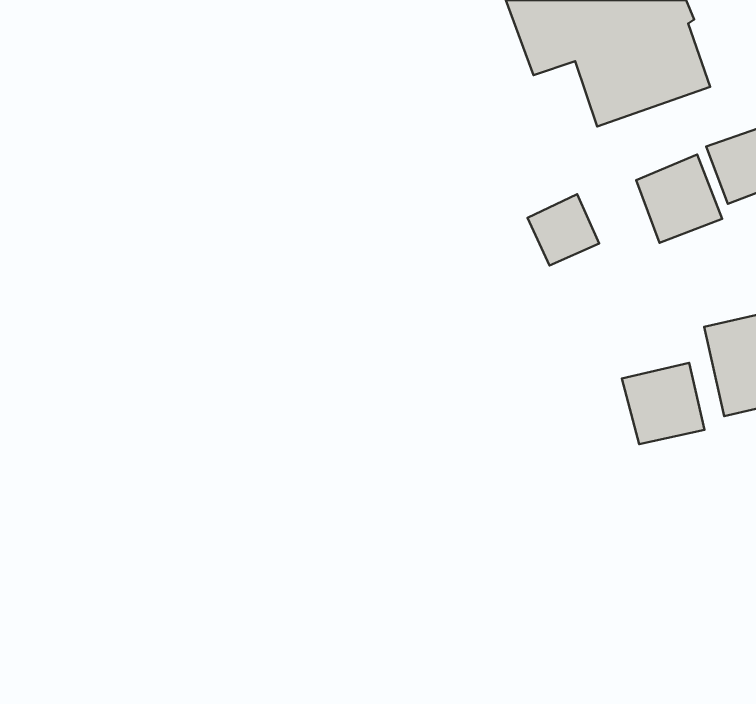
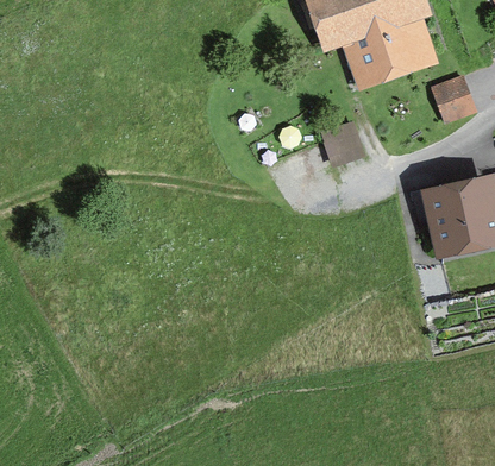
building: [636,155,722,243] -> none
building: [622,363,705,444] -> none

